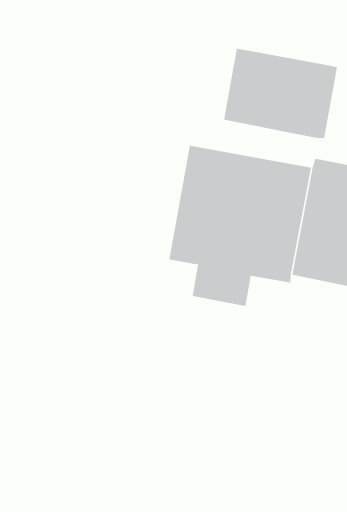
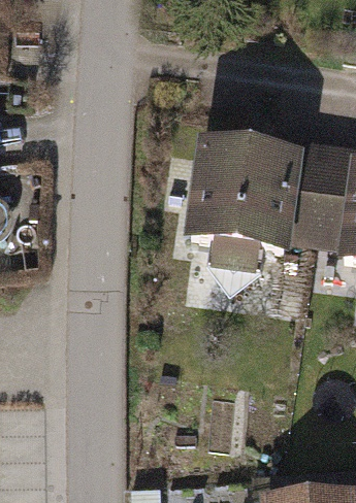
building: [224,48,338,139] -> none

